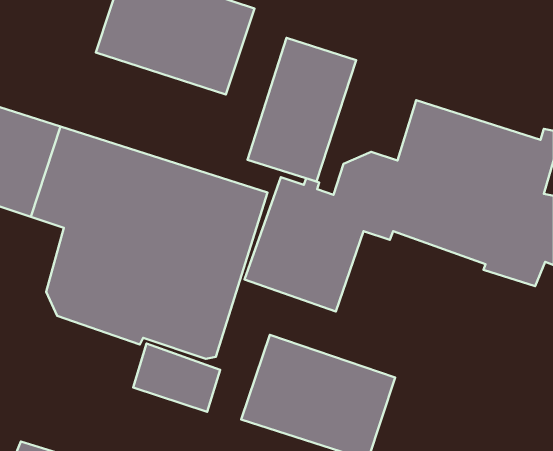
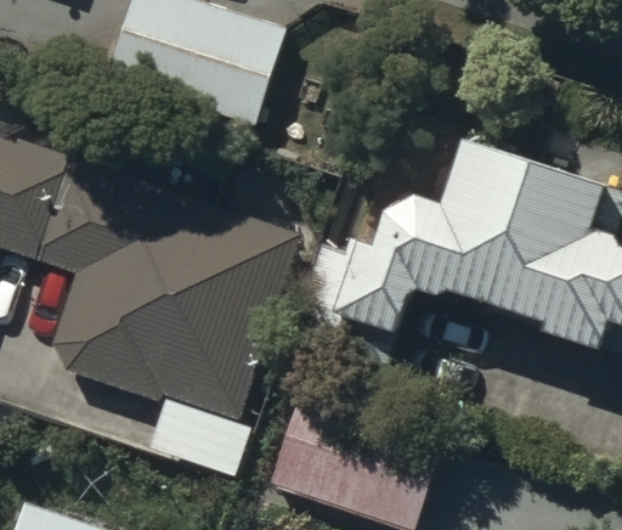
building: [247,38,356,182] -> none

